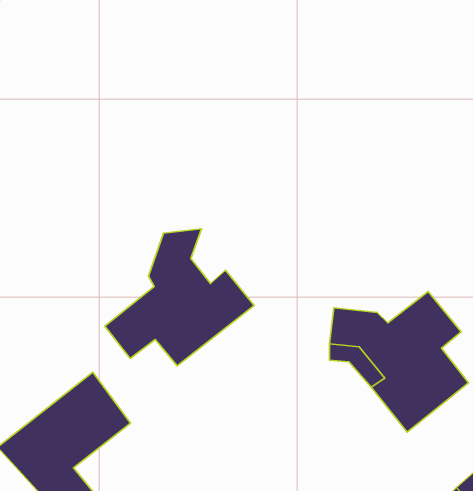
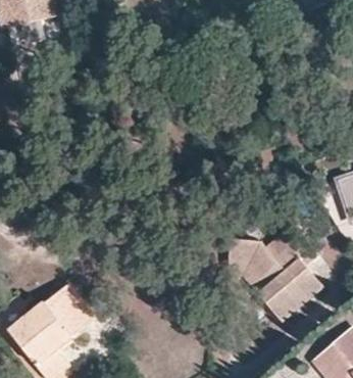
building: [105,229,254,366] -> none

